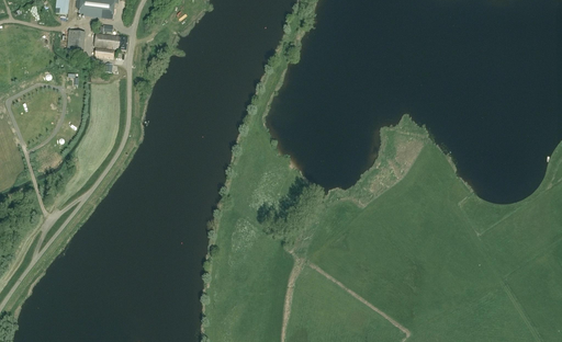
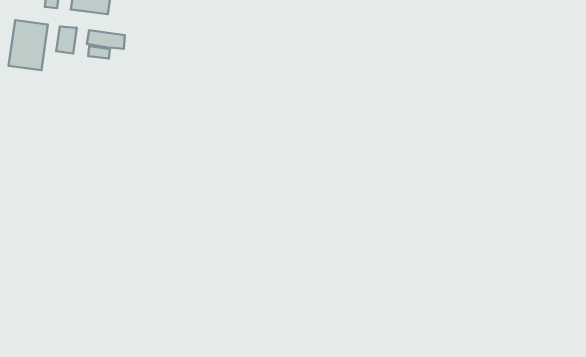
building: none -> [9,20,48,70]

